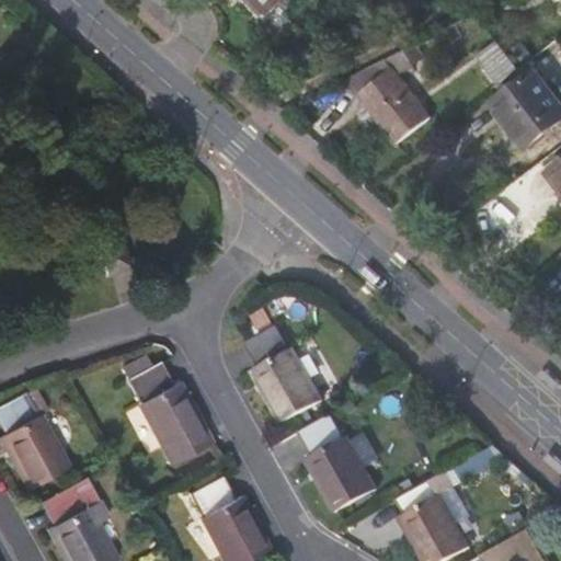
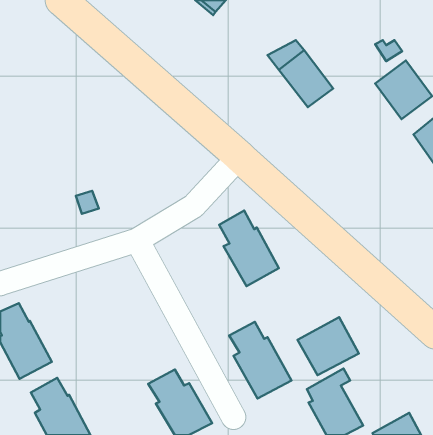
building: [243,325,320,423] -> [219,210,279,286]
building: [127,359,213,462] -> none
building: none -> [298,317,359,375]

